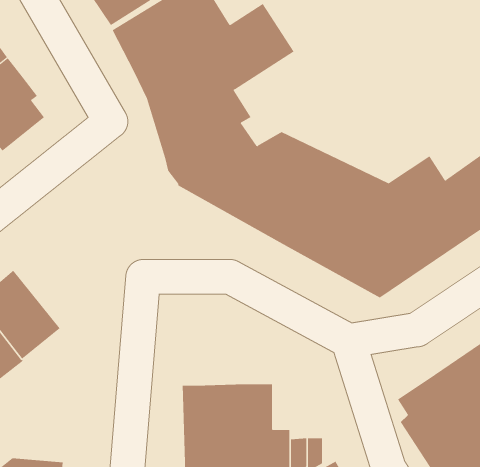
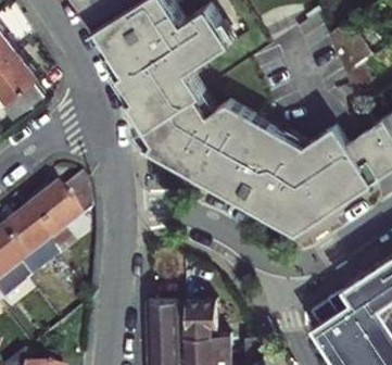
building: none -> [18,176,89,260]

